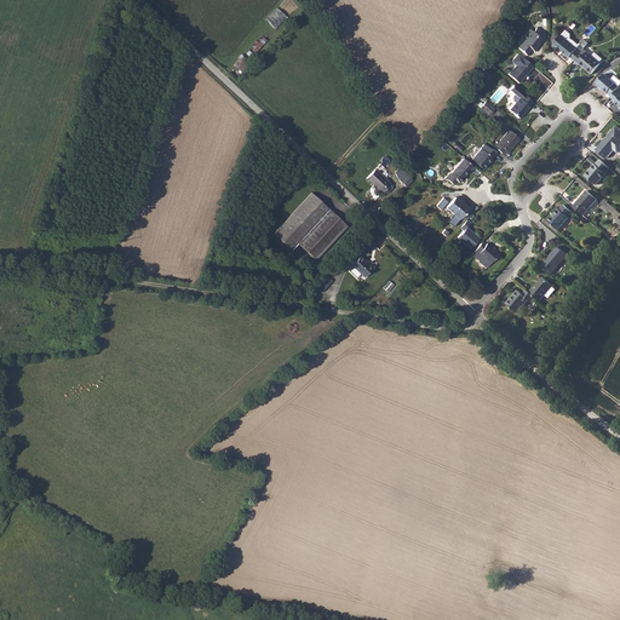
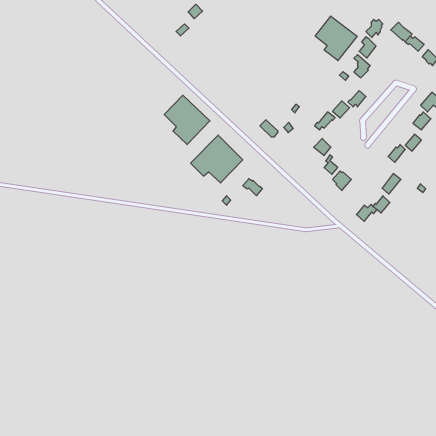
building: none -> [315,16,357,61]
building: none -> [164,95,210,145]

